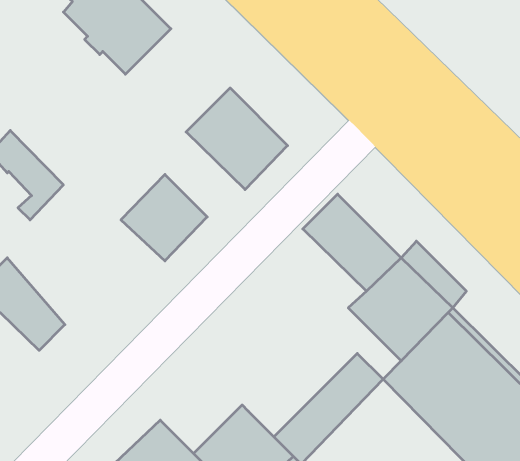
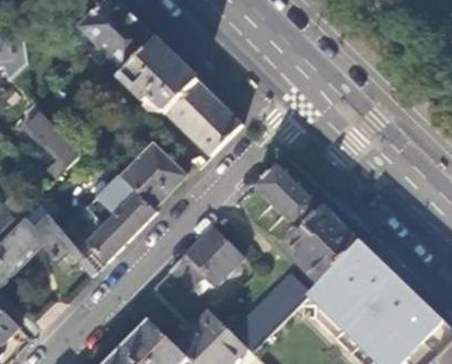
building: none -> [119,40,199,115]
building: none -> [84,176,155,262]
building: none -> [167,226,242,292]

